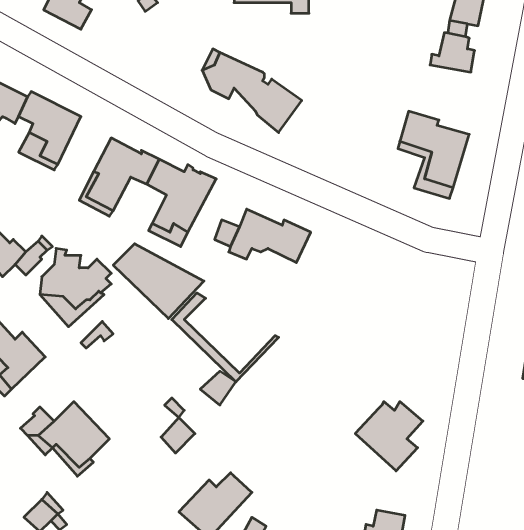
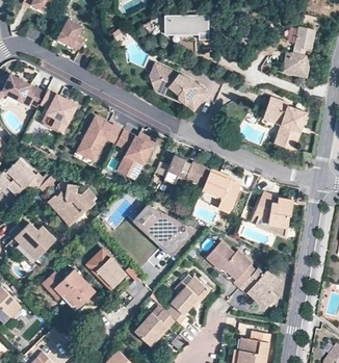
building: none -> [204,170,242,212]
building: [113,244,204,319] -> [138,208,191,252]
building: none -> [256,191,292,229]
building: none -> [205,240,254,287]
building: none -> [86,250,125,289]
building: none -> [167,278,211,325]

